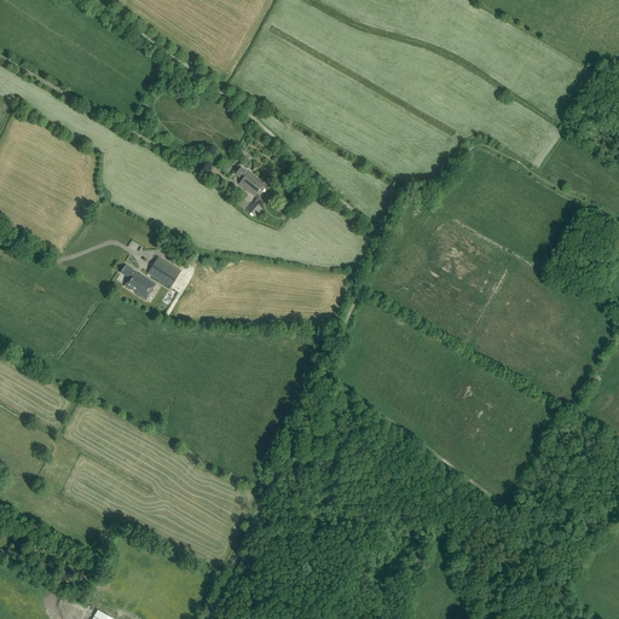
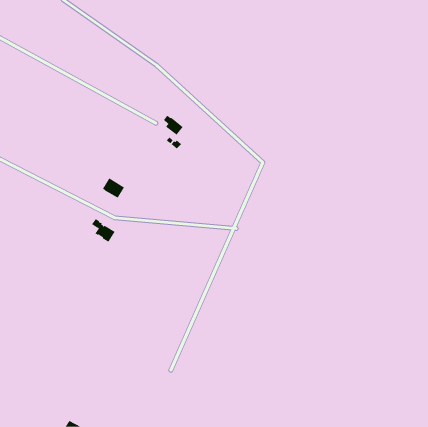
building: [120,264,155,299] -> [91,218,115,243]

